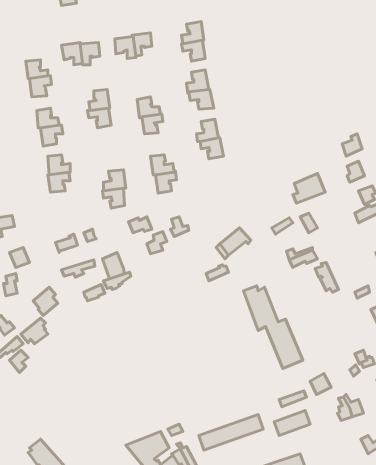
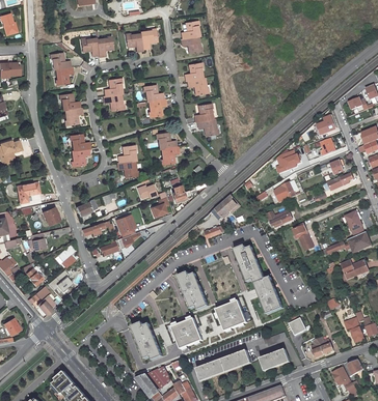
building: none -> [178,268,209,308]
building: none -> [215,299,246,331]
building: none -> [170,317,201,348]
building: none -> [131,319,162,357]

